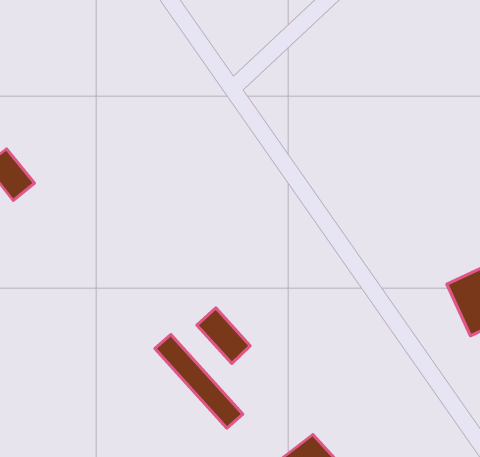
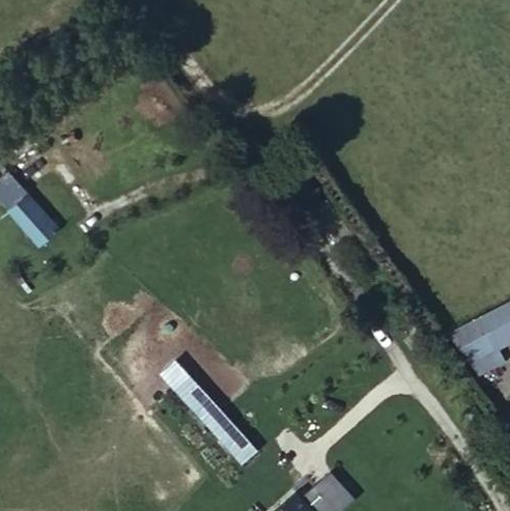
building: [197,308,250,364] -> none

